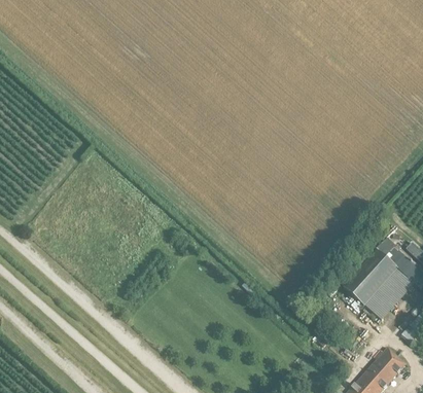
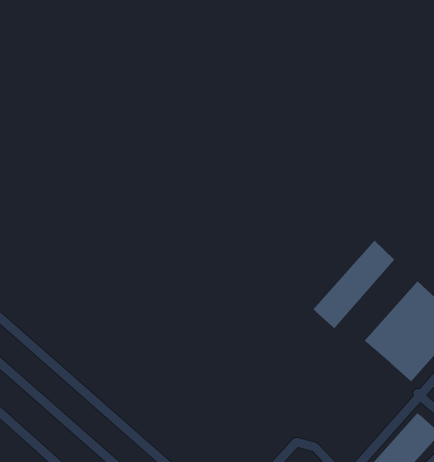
building: none -> [312,240,395,329]

